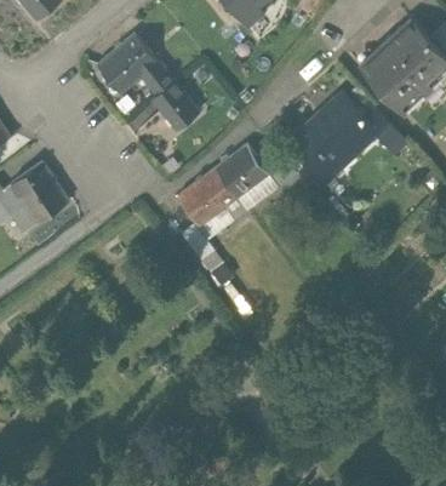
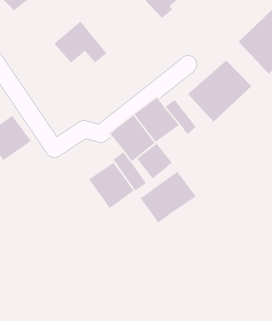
building: [148,82,199,133] -> none
building: none -> [136,143,173,179]
building: none -> [88,162,134,209]
building: none -> [139,171,197,224]

